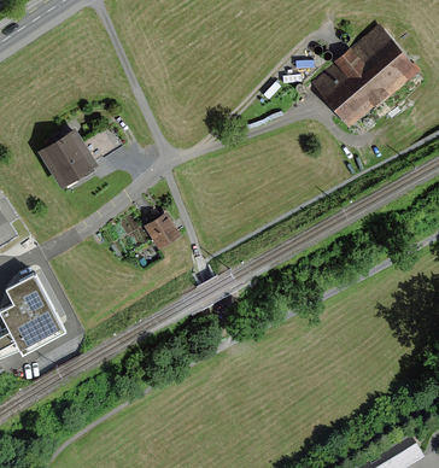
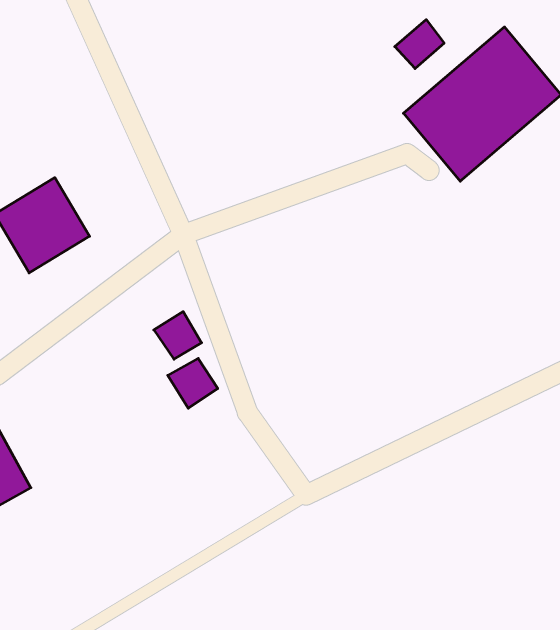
building: none -> [395,20,444,69]
building: none -> [168,358,218,408]

